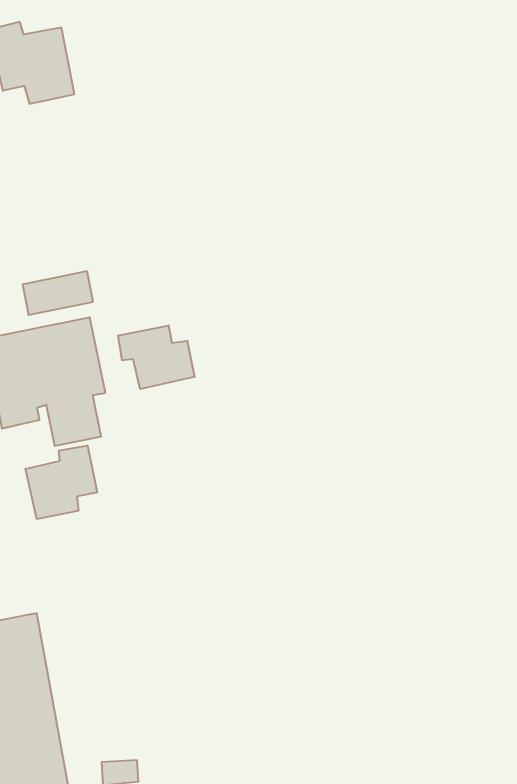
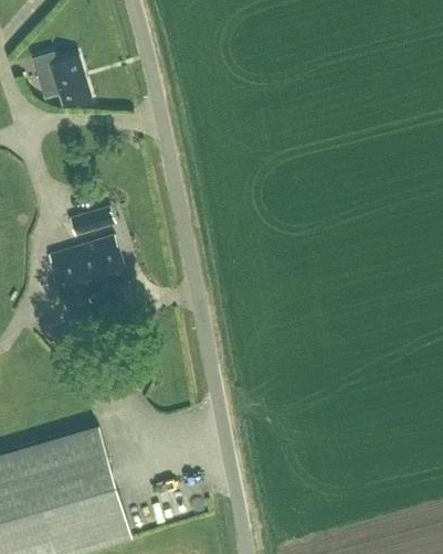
building: [118,325,195,389] -> none
building: [25,446,97,519] -> none

